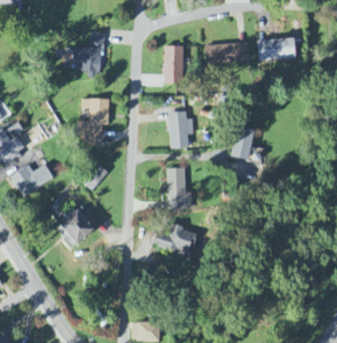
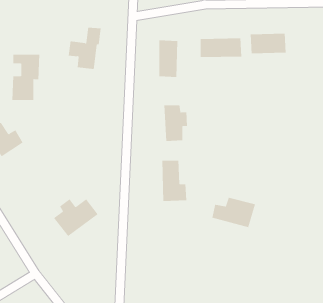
building: [80,98,109,145] -> [12,54,40,100]
building: [230,125,254,159] -> none
building: [80,161,107,192] -> none
building: [10,163,53,196] -> none
building: [153,225,199,256] -> [212,197,256,228]

